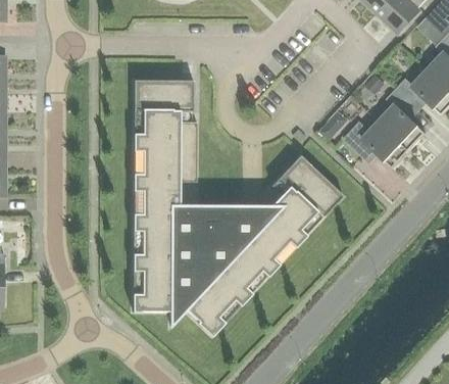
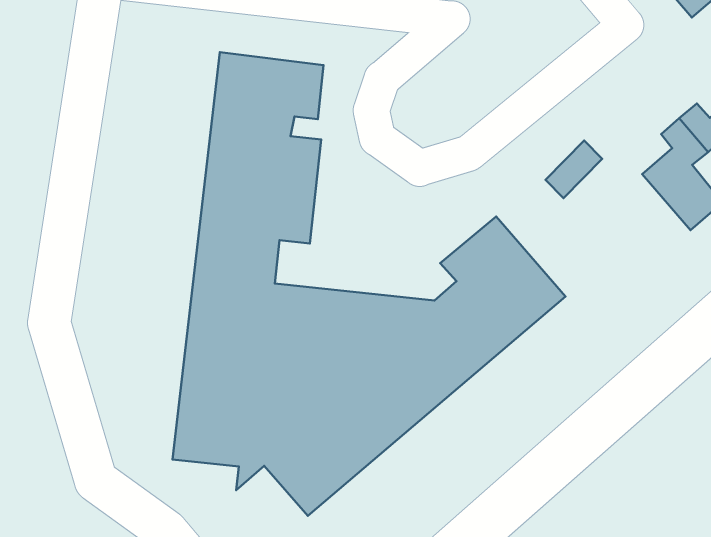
building: [344,122,409,167] -> none

